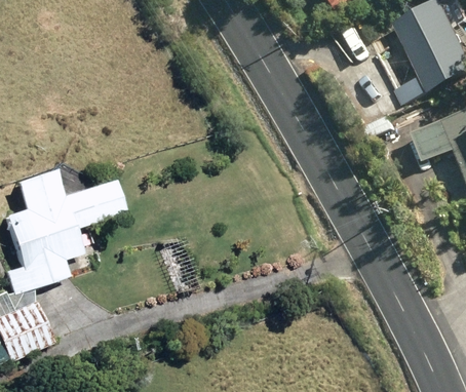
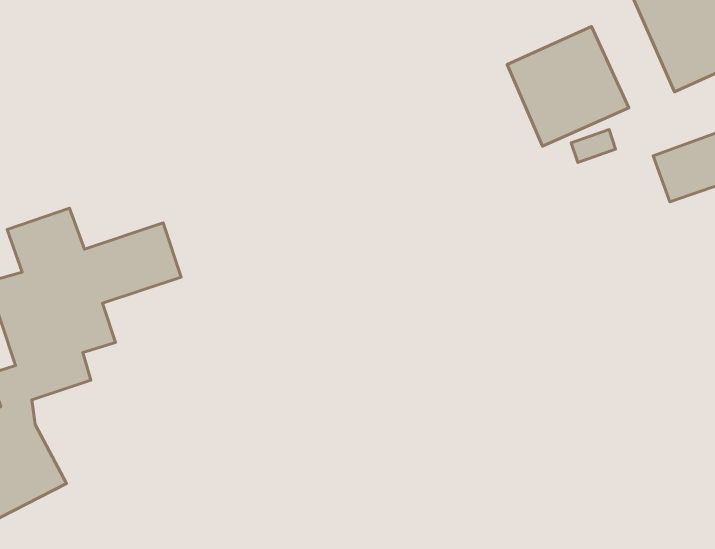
building: none -> [507,26,629,146]

